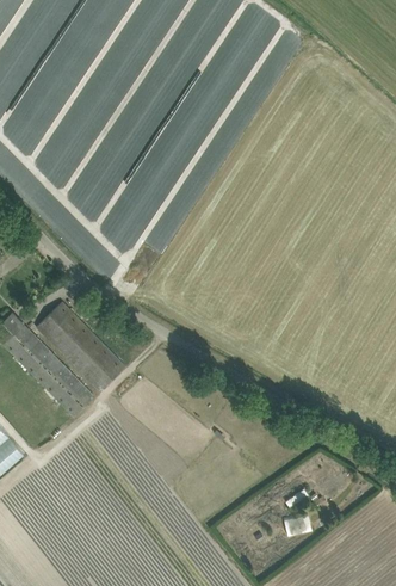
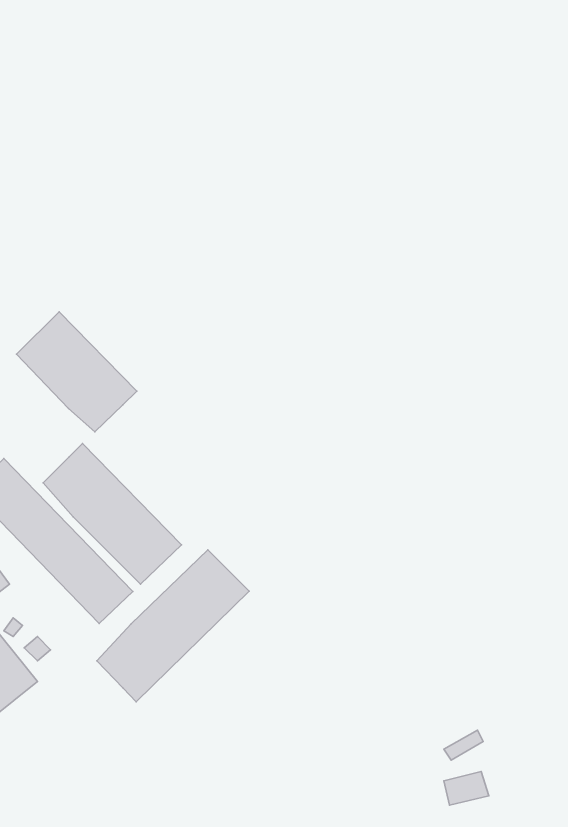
building: none -> [17,312,137,432]
building: none -> [97,550,249,702]

